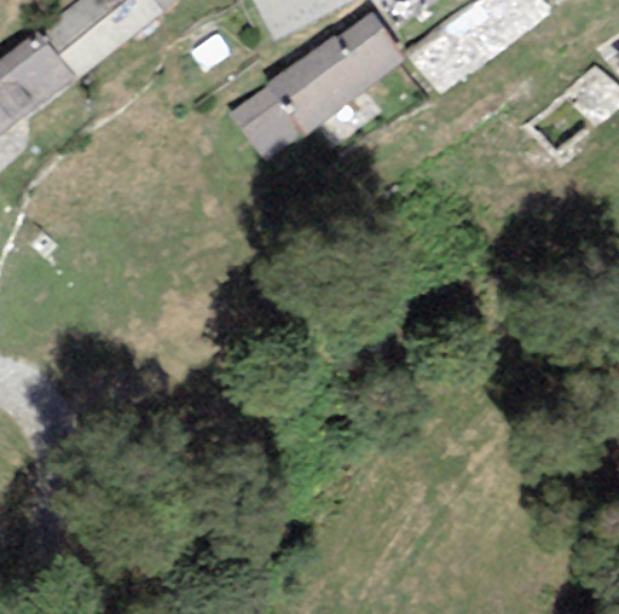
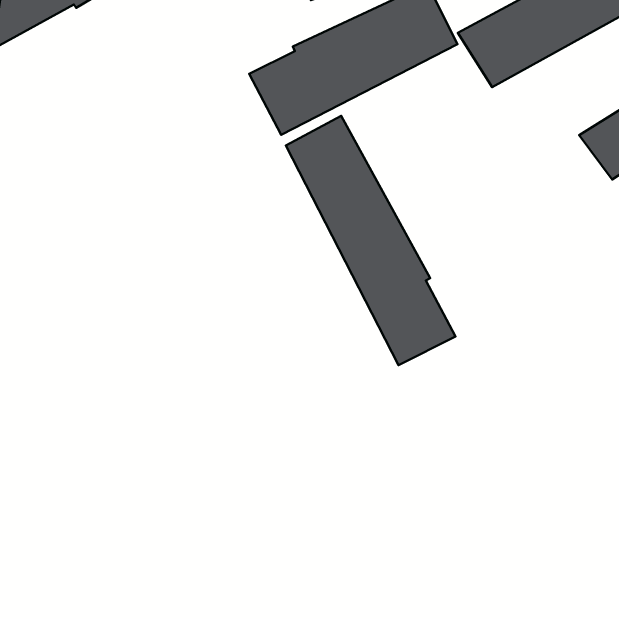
building: none -> [286,116,455,365]

